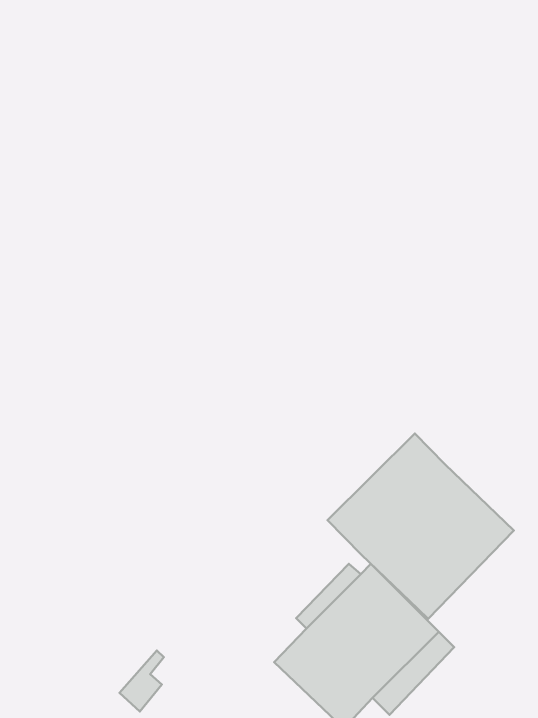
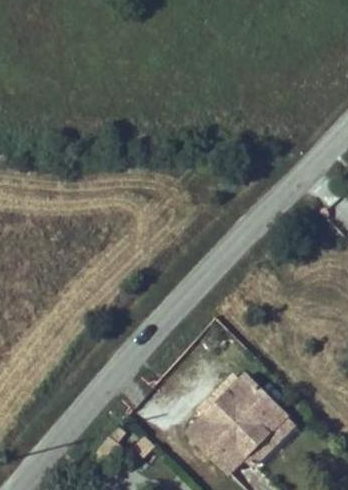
building: [328,433,514,619] -> none

